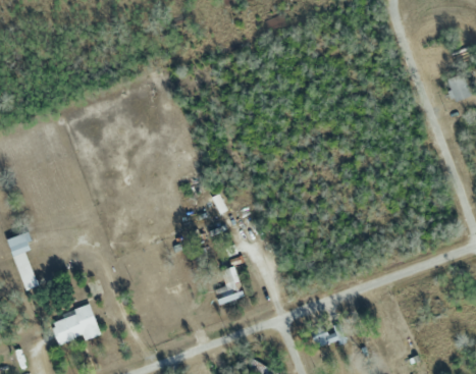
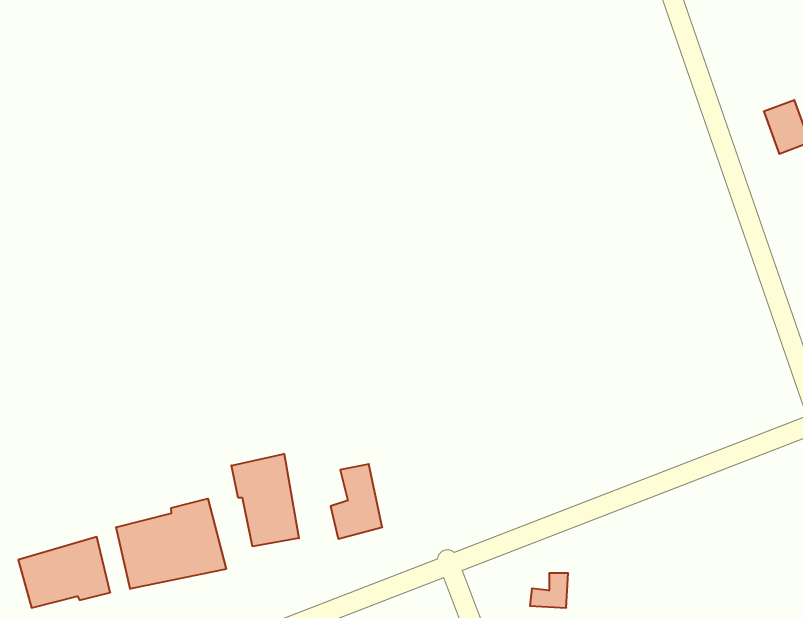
building: none -> [231,454,299,546]
building: none -> [116,499,226,589]

